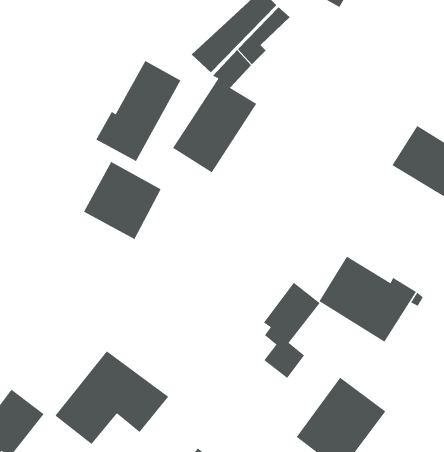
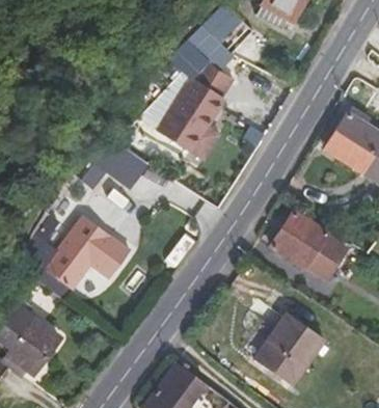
building: [96,60,181,162] -> none
building: [263,282,321,379] -> none
building: [55,350,169,445] -> [40,213,130,287]

